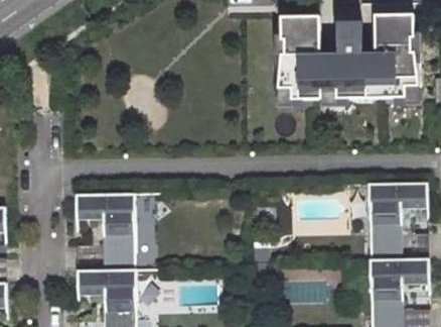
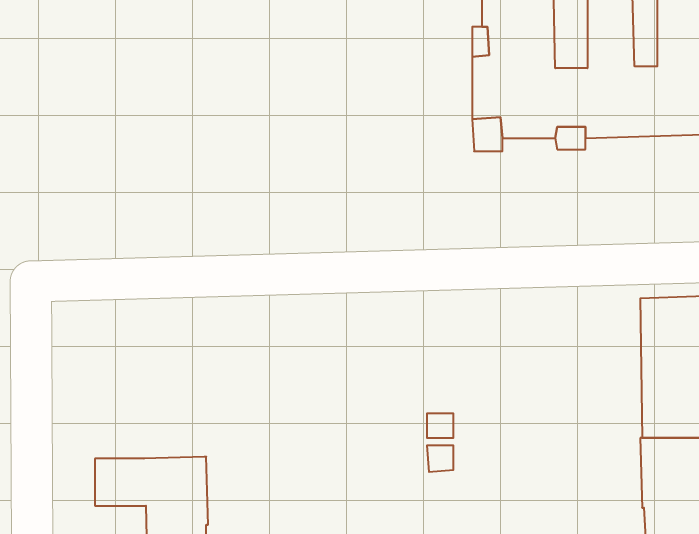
building: [78,193,138,270] -> none

